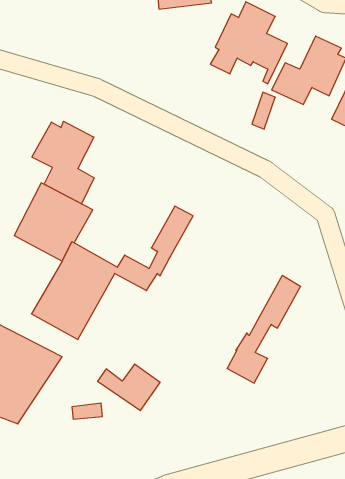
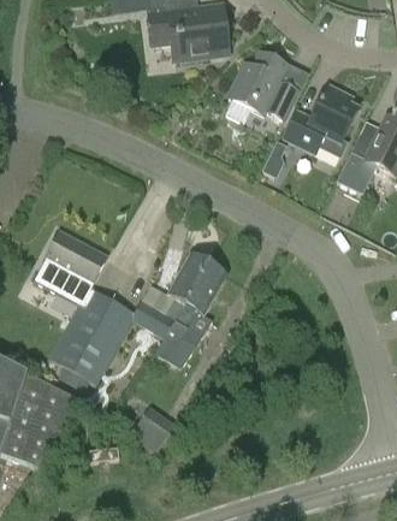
building: [32,121,94,204] -> none
building: [227,275,301,383] -> [154,261,226,367]

